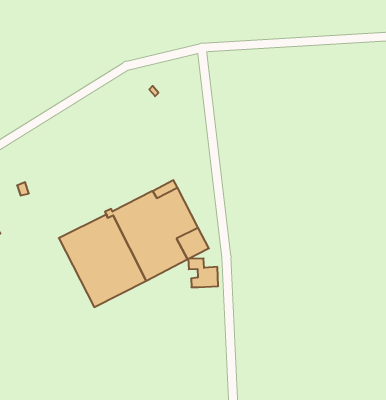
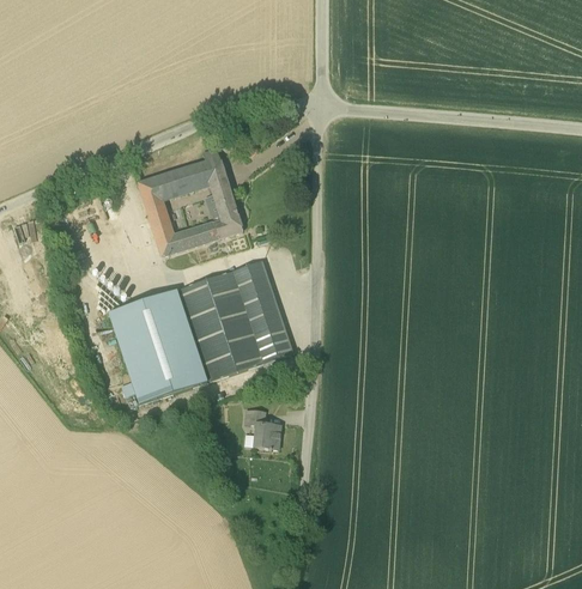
building: none -> [139,146,243,254]
building: [188,258,218,287] -> [244,407,280,447]

